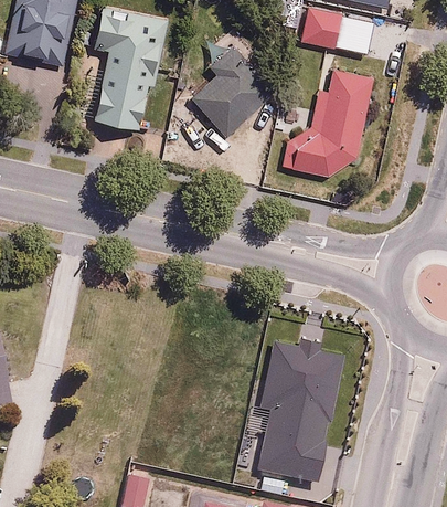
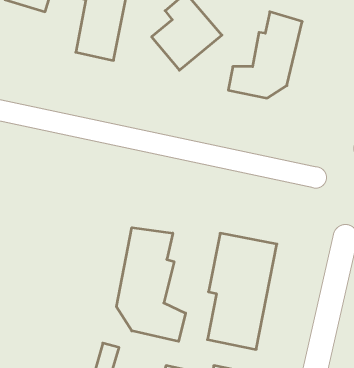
building: none -> [116,228,186,341]

